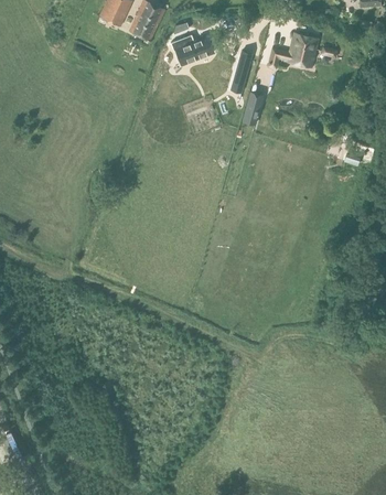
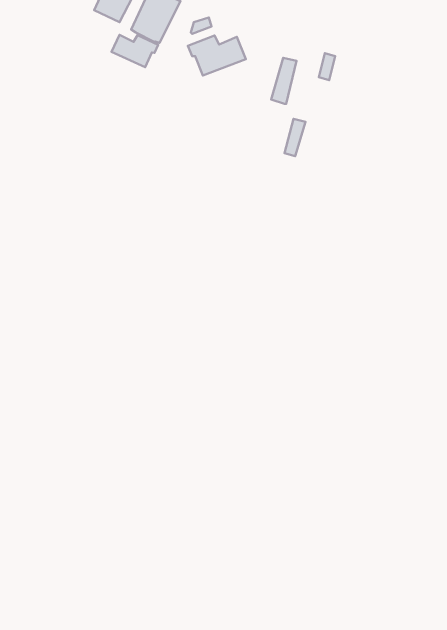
building: [286,33,318,68] -> none
building: none -> [112,35,158,67]

